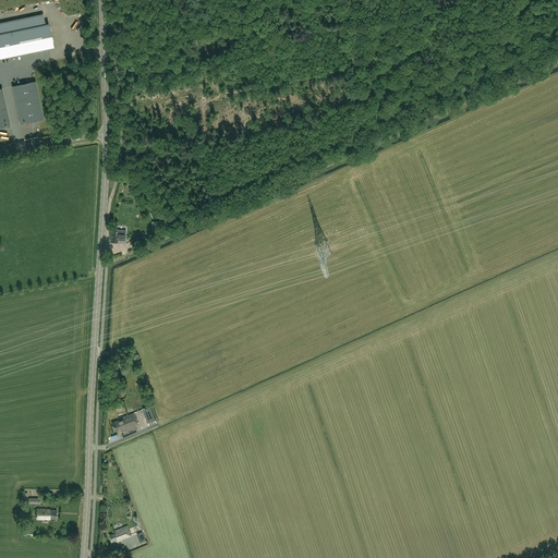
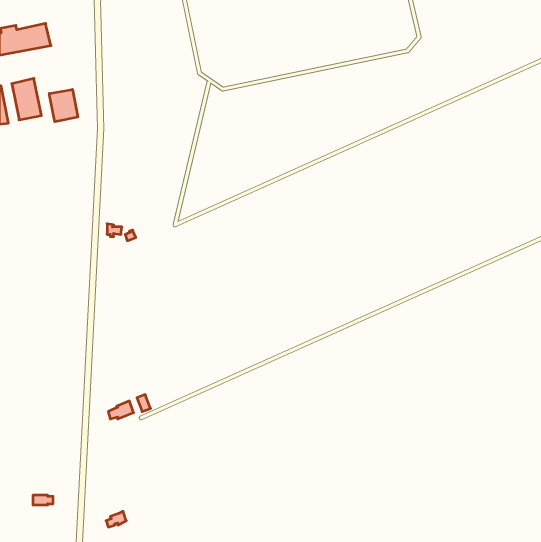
building: none -> [49,89,78,122]

